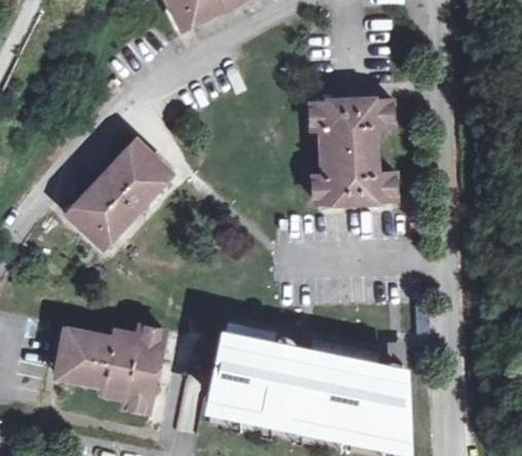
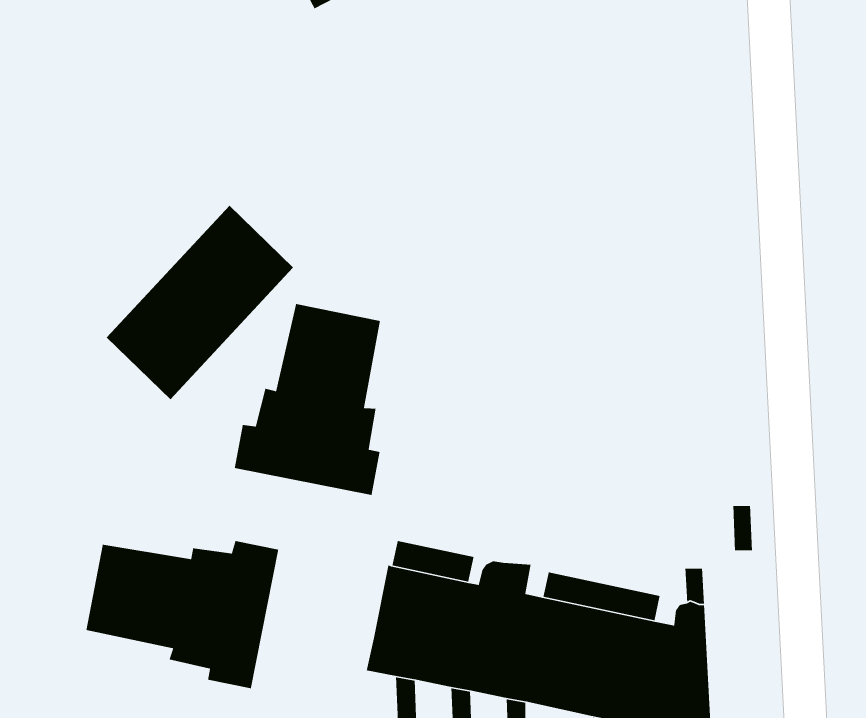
building: [311,100,394,201] -> none
building: none -> [234,303,381,496]

